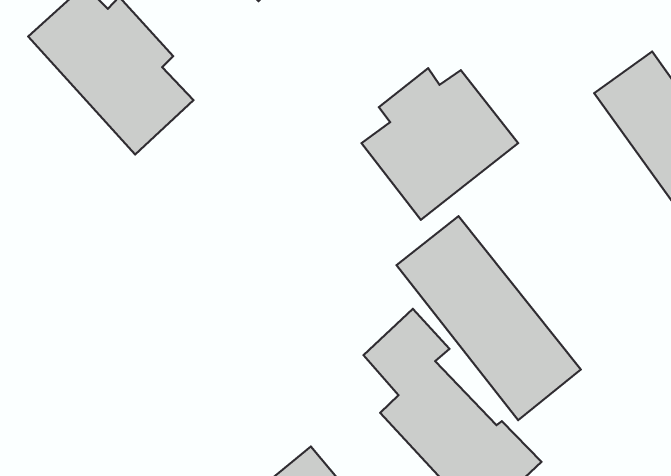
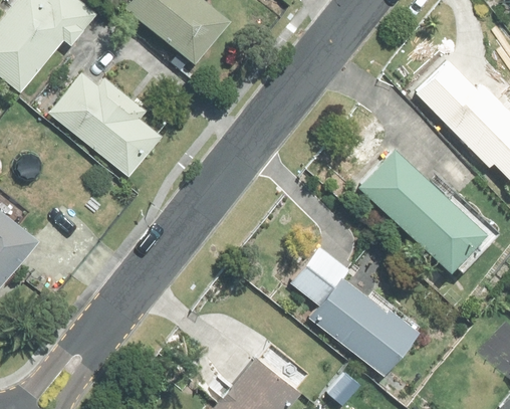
building: [362,68,518,220] -> none
building: [396,216,581,420] -> [356,151,484,275]

